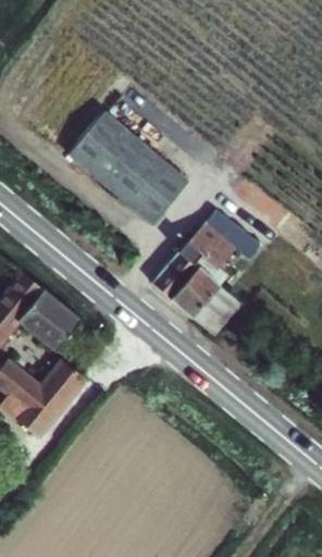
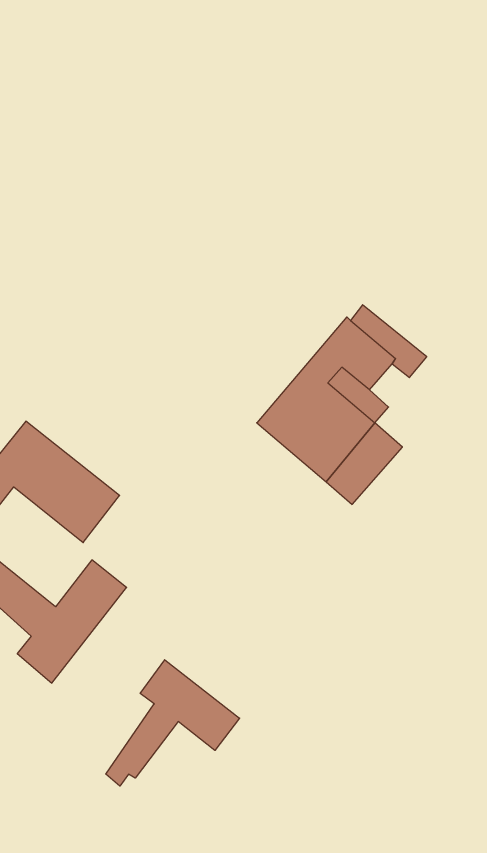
building: [64,109,178,216] -> none
building: none -> [106,660,240,786]

